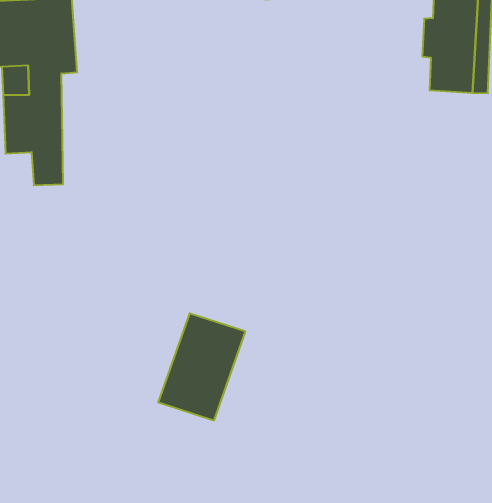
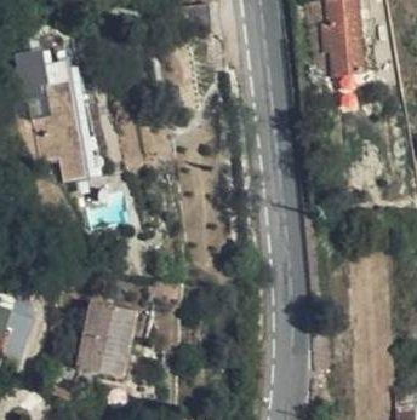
building: [158,313,245,420] -> [80,306,135,379]

